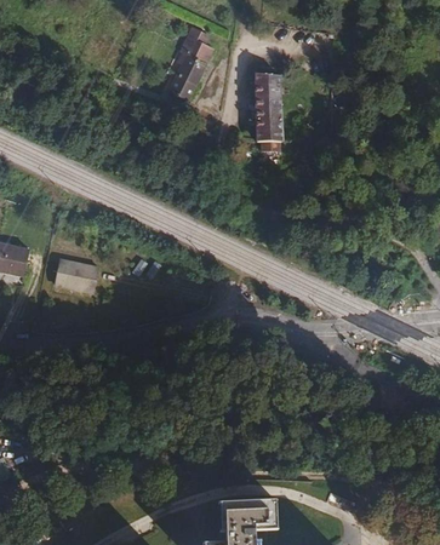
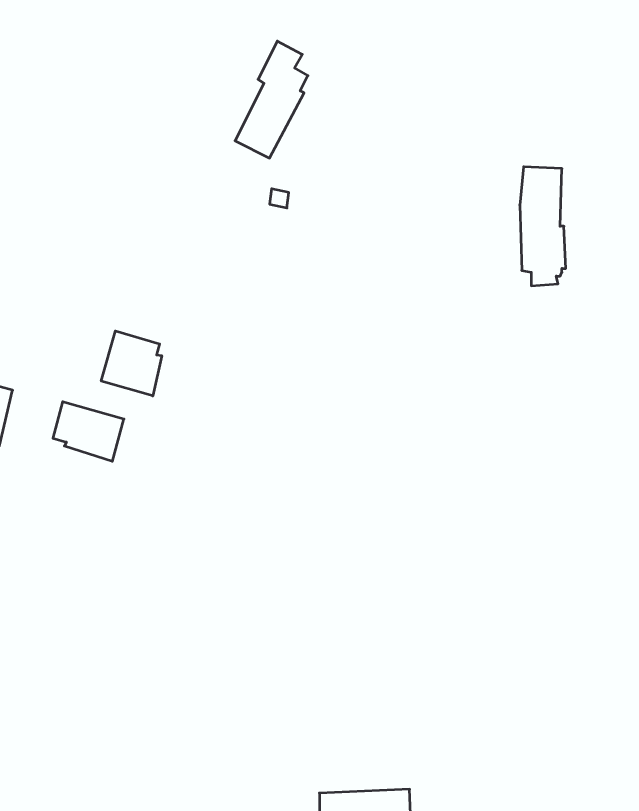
building: [253,74,282,149] -> [520,167,566,286]
building: none -> [101,331,162,396]

